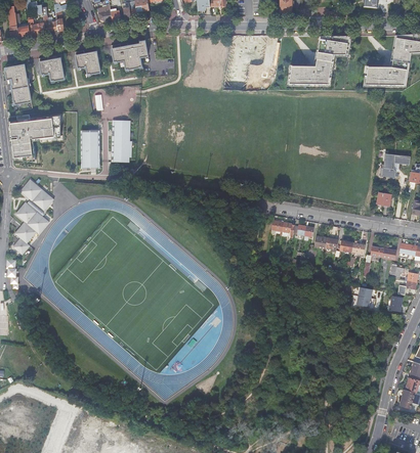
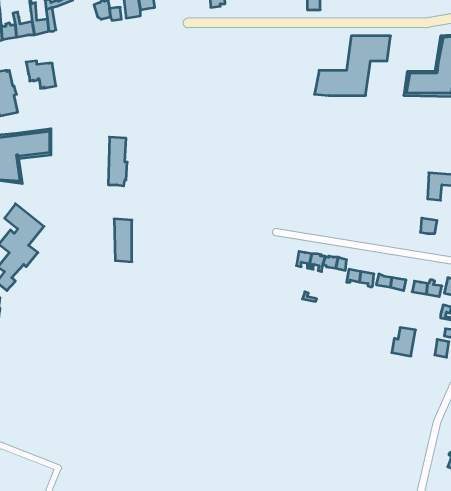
building: [111,40,148,69] -> none
building: [75,49,99,74] -> none
building: [80,131,95,168] -> [114,219,132,262]

